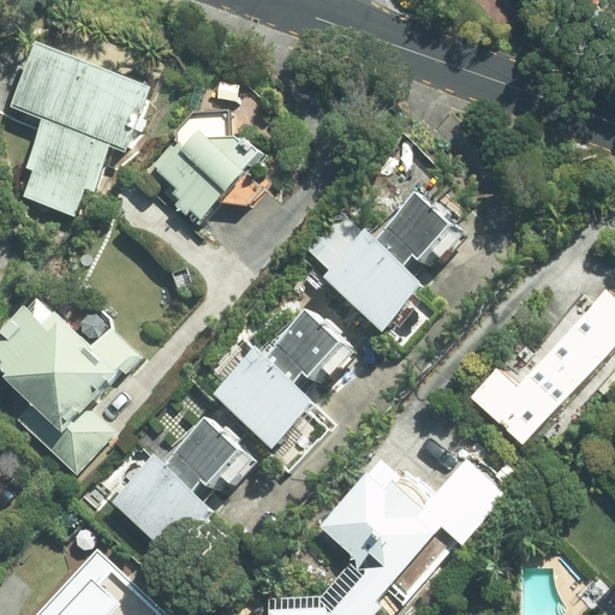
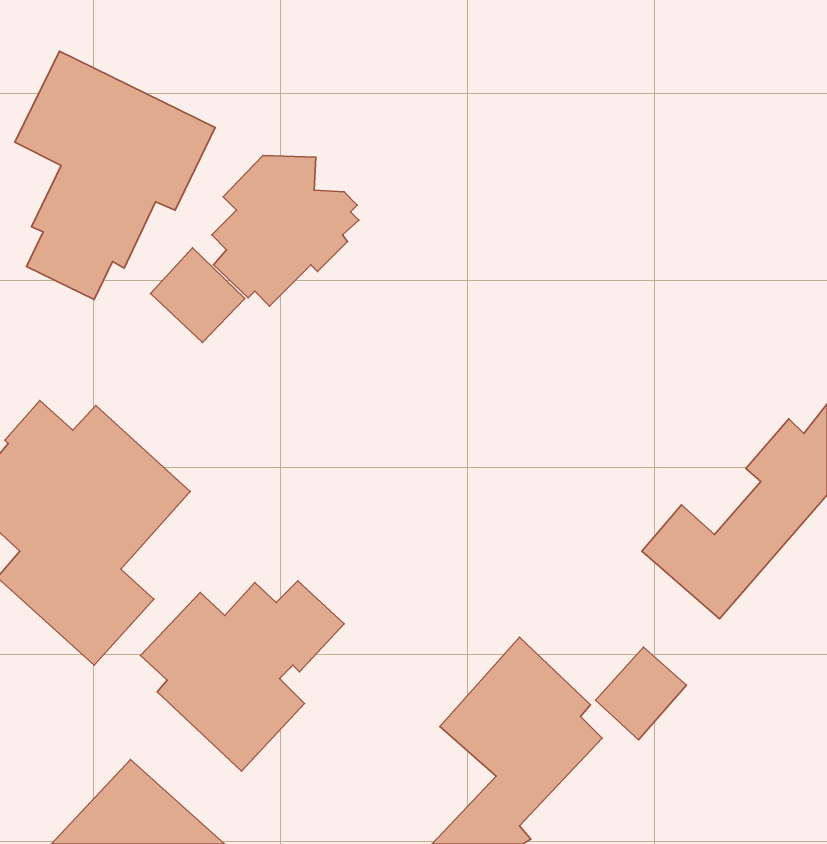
building: none -> [150,248,245,342]
building: [301,195,461,336] -> none
building: [210,310,350,453] -> none

